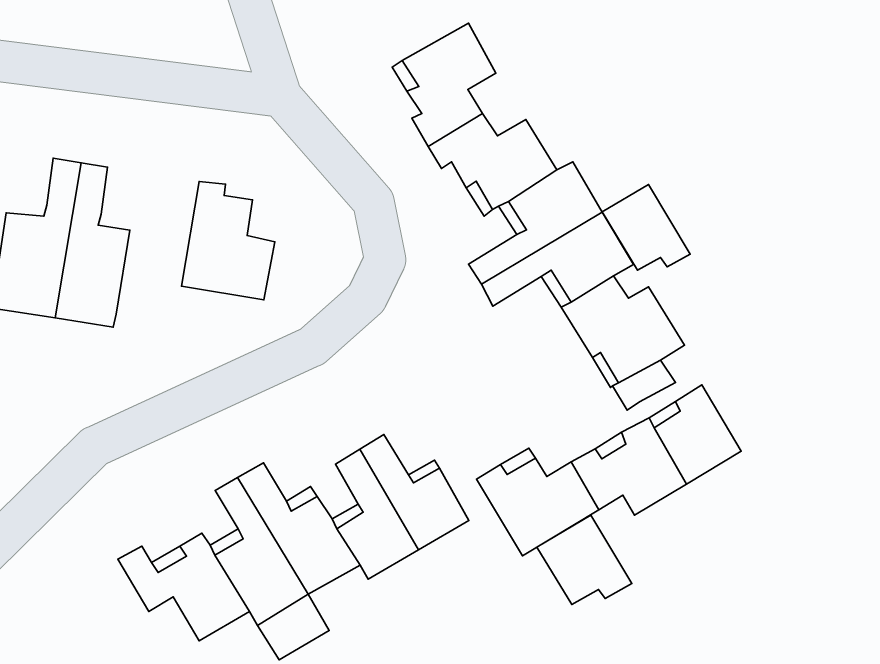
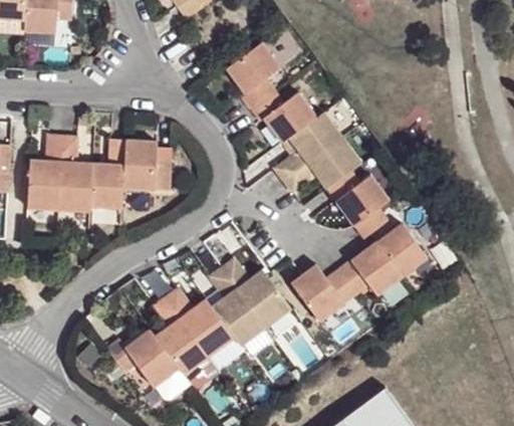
building: none -> [90,138,127,216]
building: [602,185,690,270] -> none
building: [537,515,632,604] -> none

